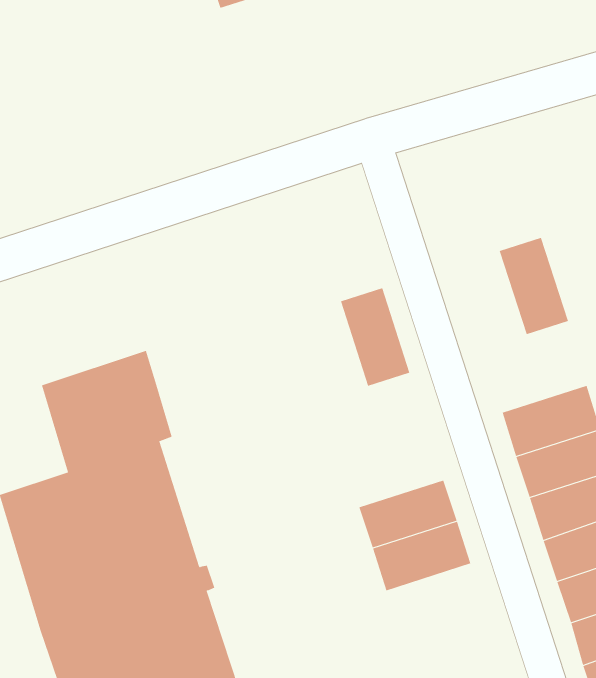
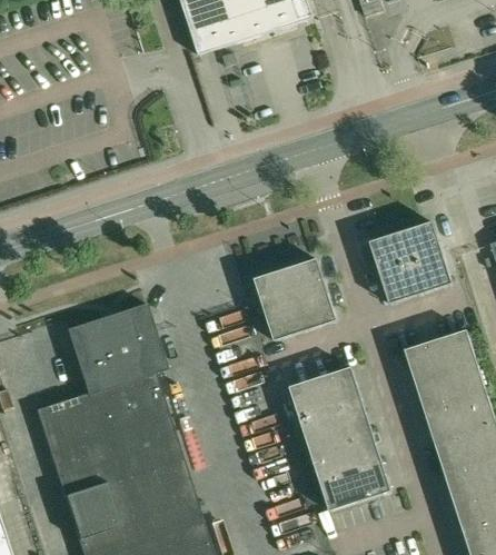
building: none -> [370,232,421,305]
building: none -> [255,269,306,341]
building: none -> [289,368,361,419]
building: none -> [319,460,391,512]

